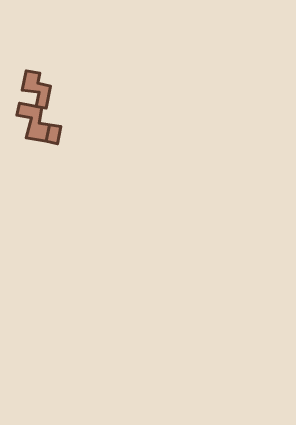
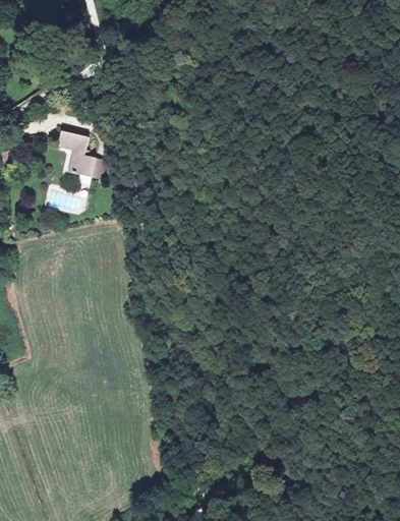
building: [22,71,50,108] -> none

